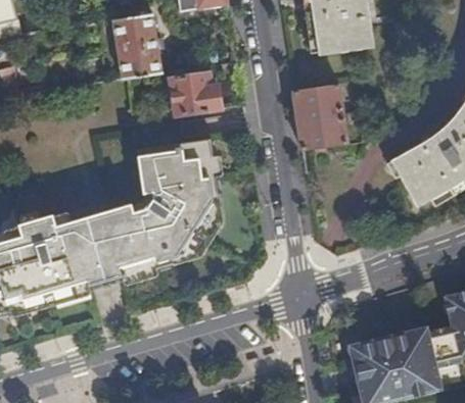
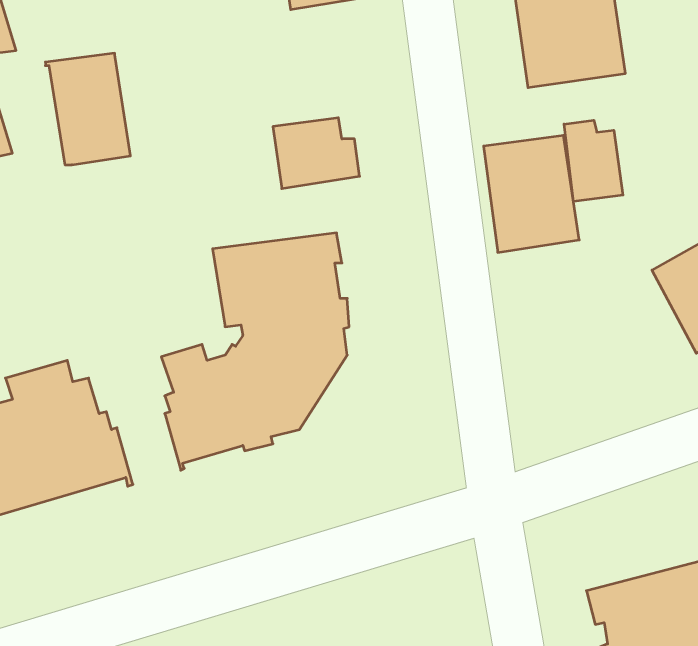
building: [113,14,162,79] -> [45,53,130,165]
building: none -> [564,120,623,202]
building: [64,211,118,285] -> none

